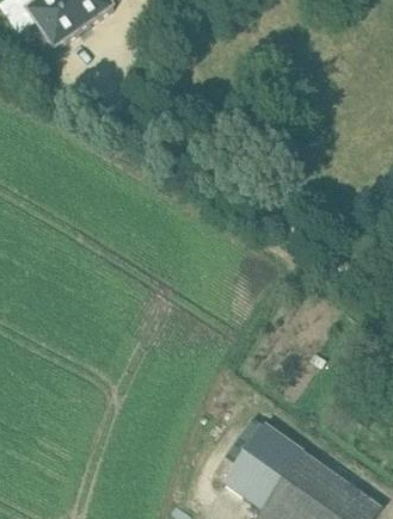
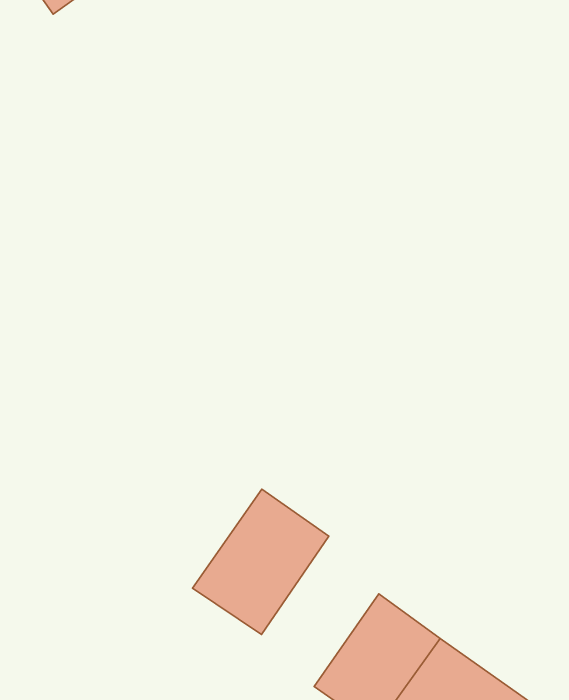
building: none -> [193,489,329,635]

